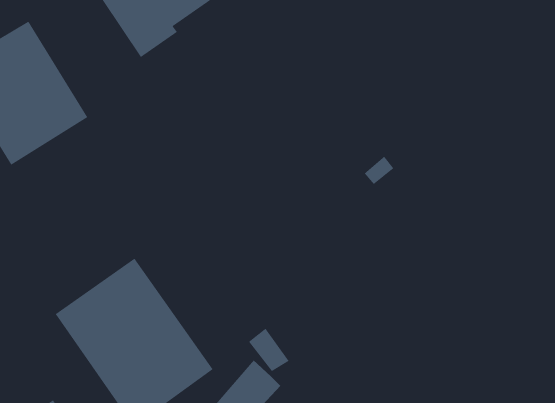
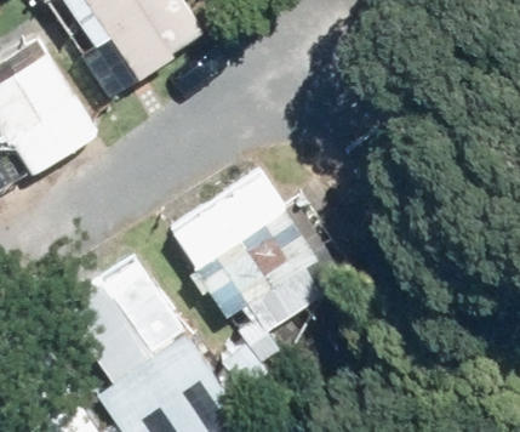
building: none -> [195,211,336,330]

